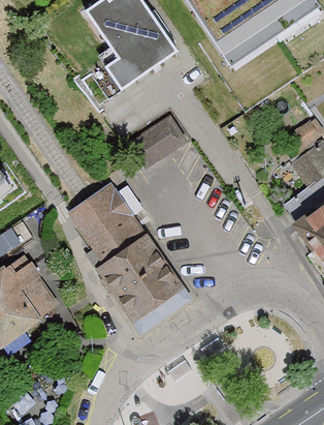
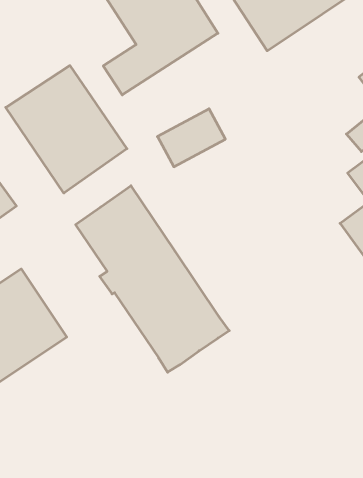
building: none -> [6,66,127,193]

